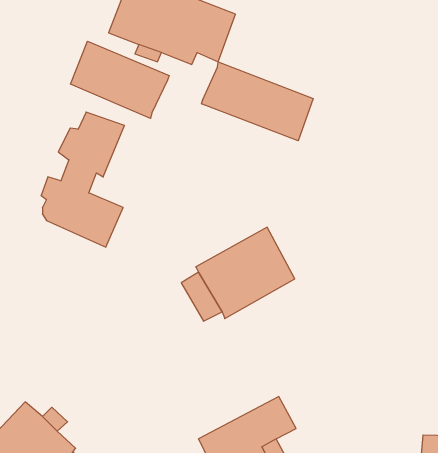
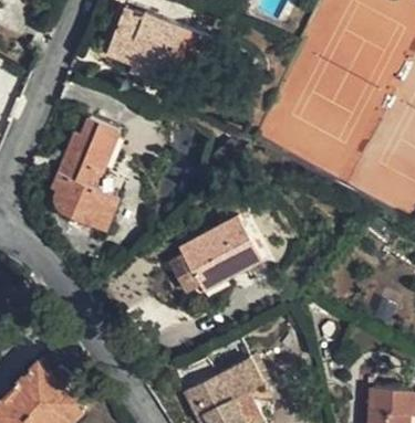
building: [70,41,169,118] -> none
building: [202,62,313,141] -> none

